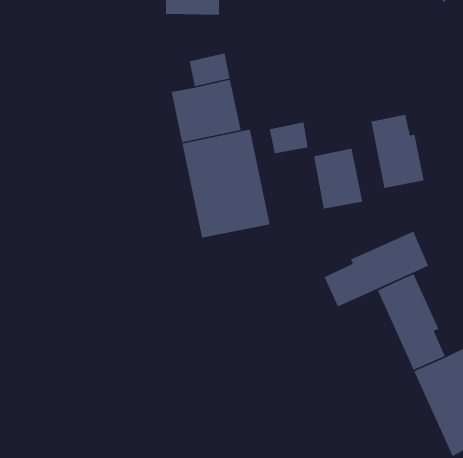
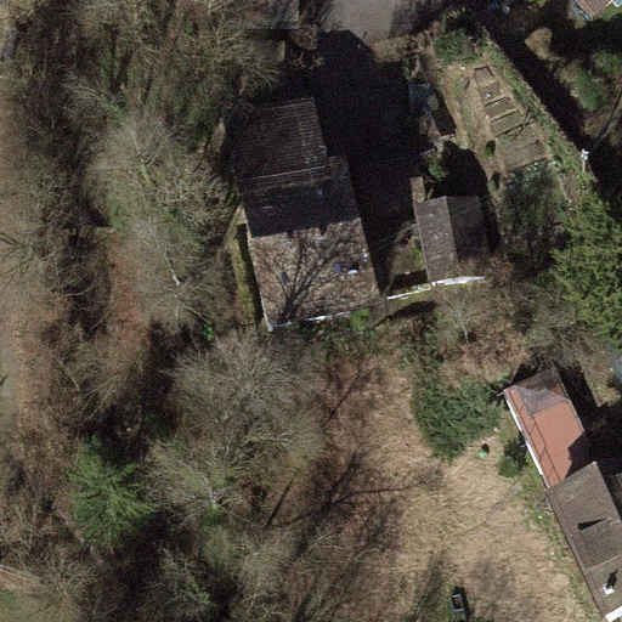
building: [370,114,425,189] -> none
building: [323,231,429,307] -> none

